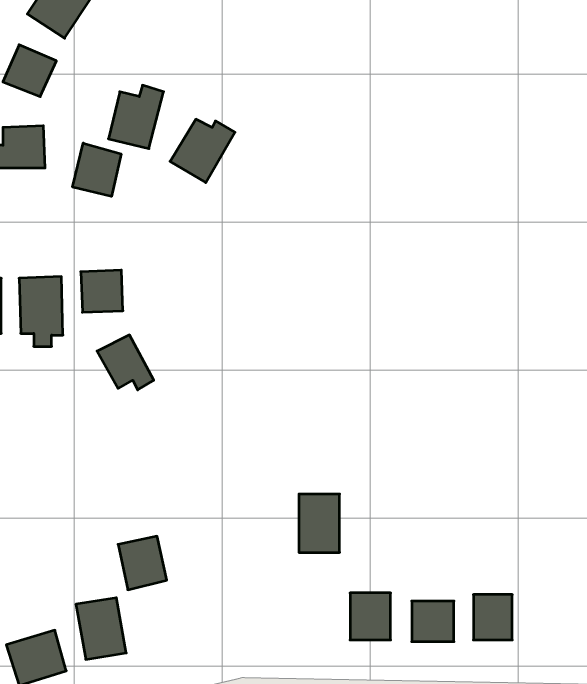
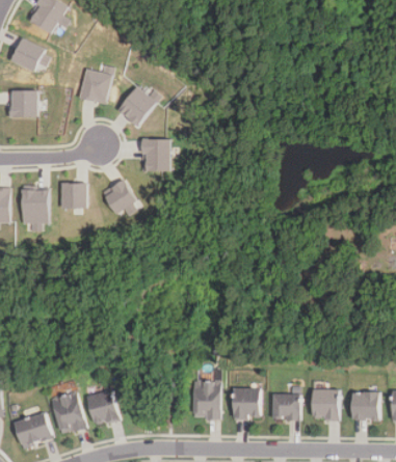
building: [73,143,121,196] -> none
building: none -> [141,138,169,170]
building: [97,335,154,390] -> [102,180,138,215]
building: [299,494,340,552] -> [193,380,219,417]
building: [118,536,167,590] -> [95,388,126,423]
building: none -> [350,391,377,419]

